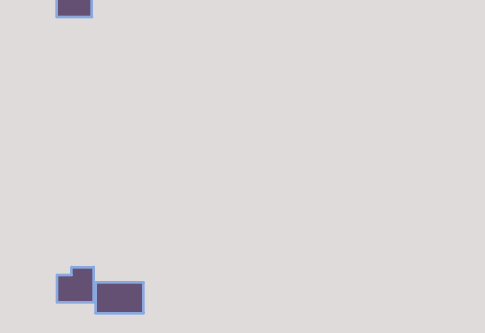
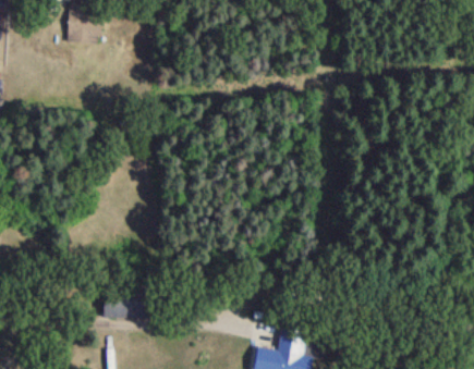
building: [57,267,94,302] -> none

